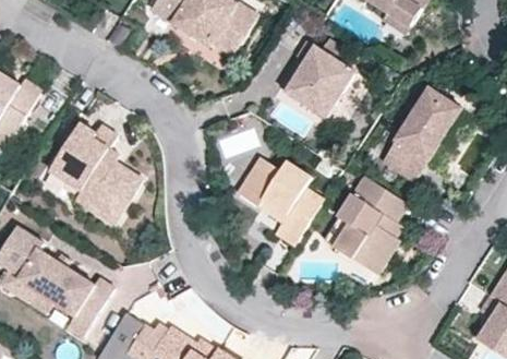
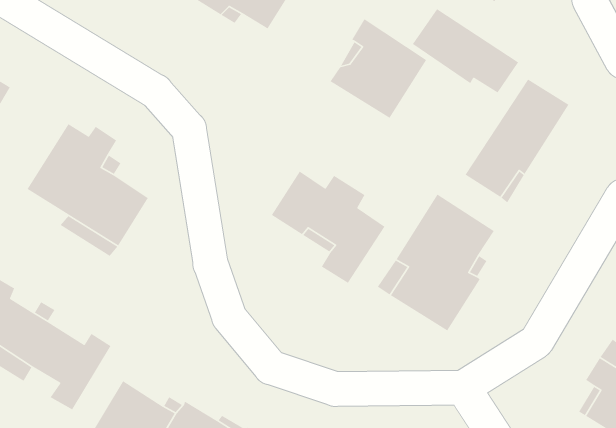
building: none -> [412,8,519,94]

